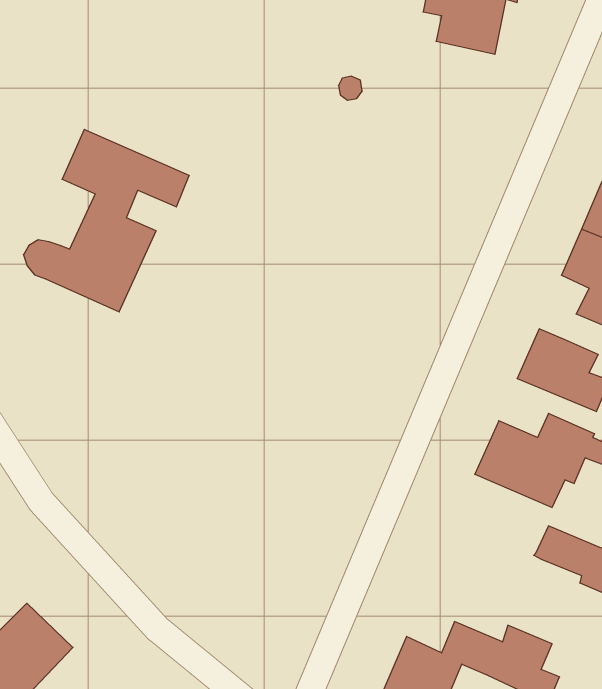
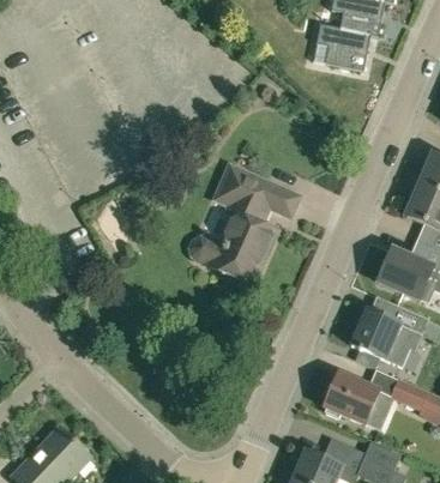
building: [23,129,189,312] -> [191,164,299,283]
building: none -> [324,373,379,423]

